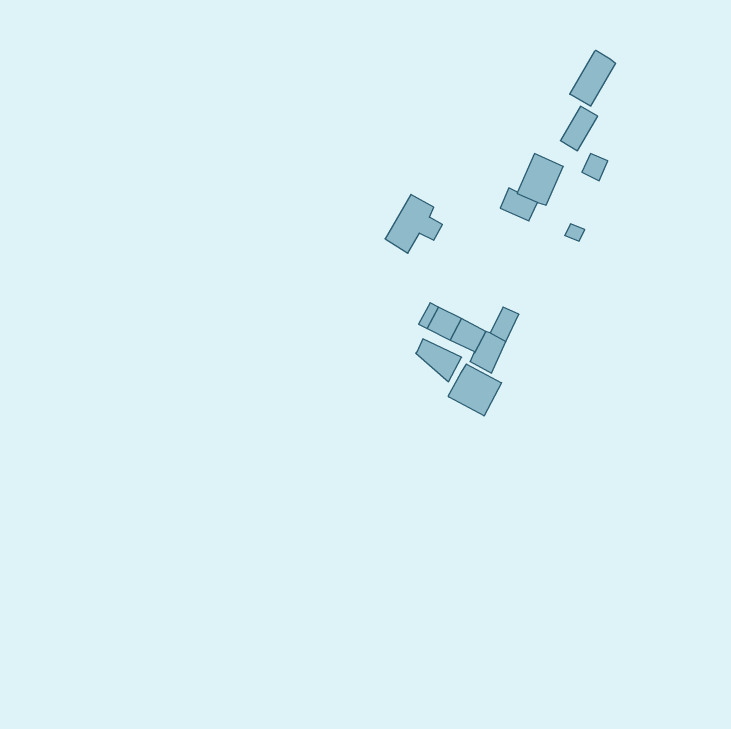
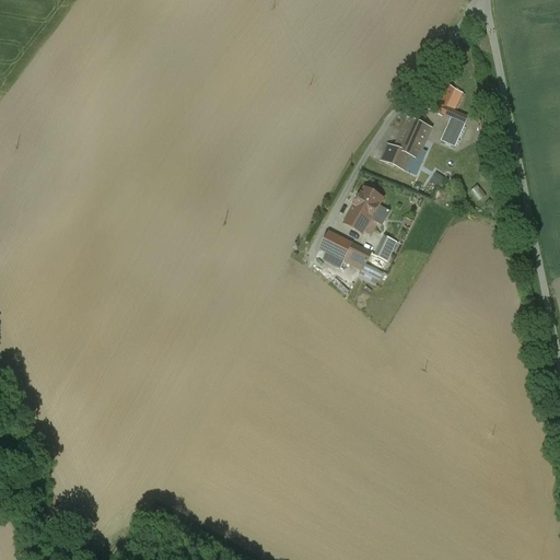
building: [570,50,616,106] -> none
building: [385,194,442,253] -> [346,187,389,232]
building: [448,364,502,416] -> none

